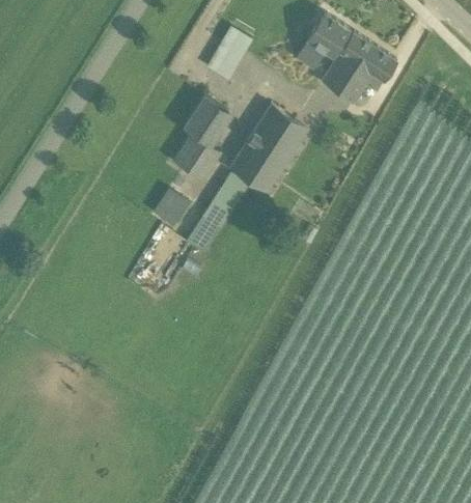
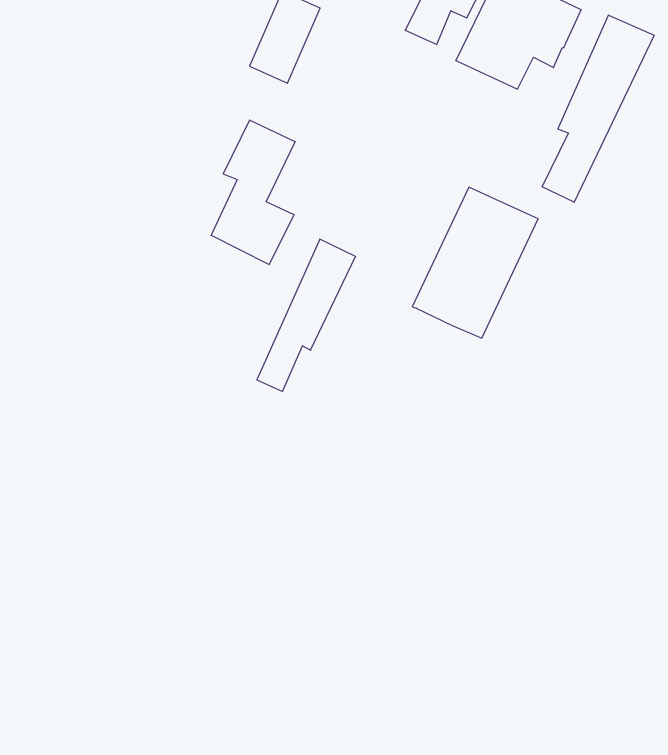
building: none -> [542,15,654,202]
building: [230,106,307,191] -> [412,187,538,338]
building: [153,187,190,225] -> none

